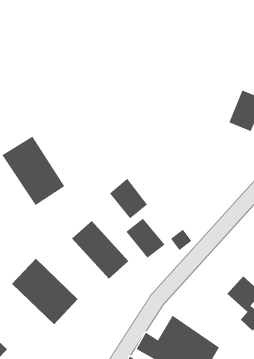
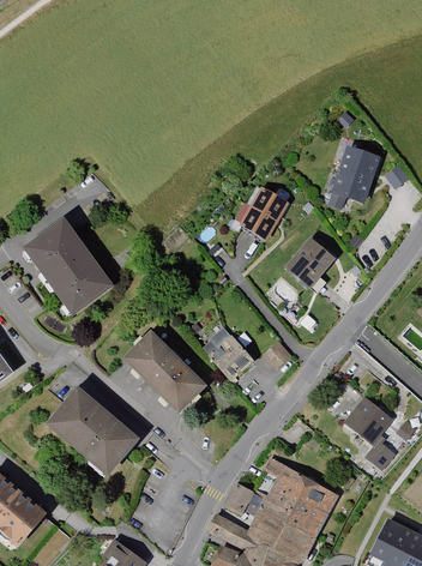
building: none -> [240,187,289,240]
building: none -> [284,237,333,288]
building: [109,178,148,219] -> none

